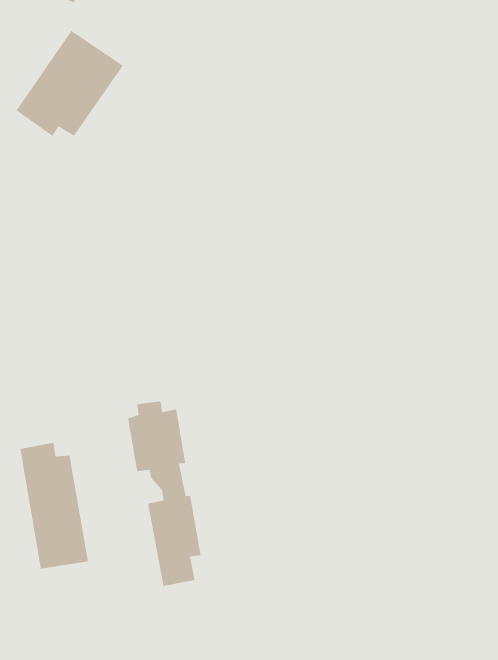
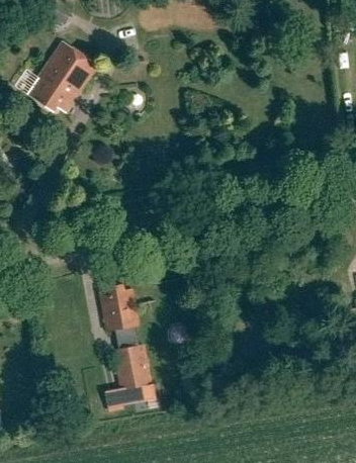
building: [20,442,89,569] -> none

